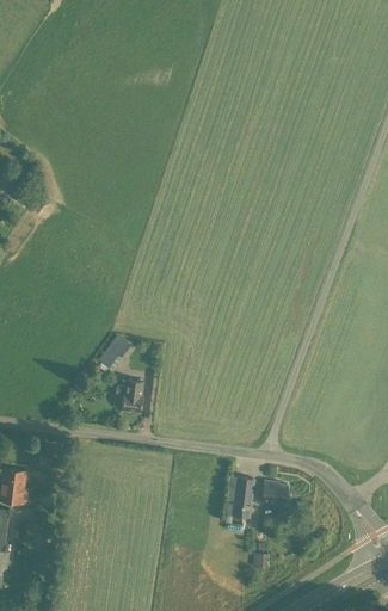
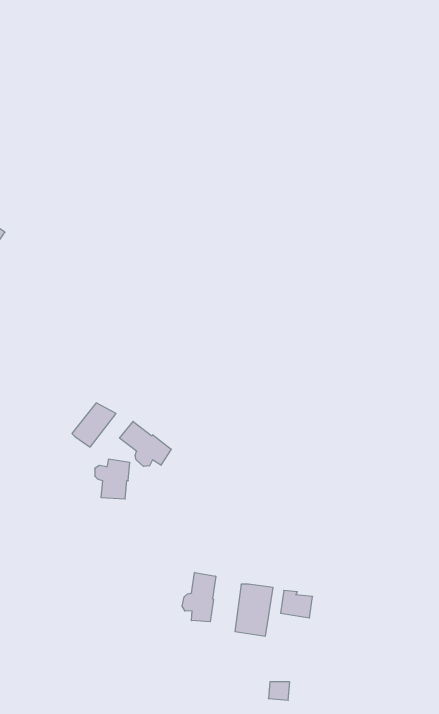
building: none -> [120,421,171,466]
building: none -> [182,572,216,622]

